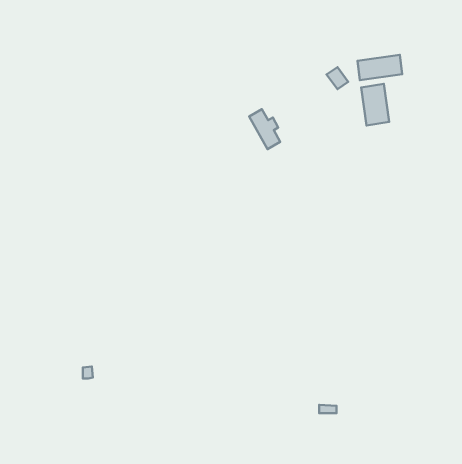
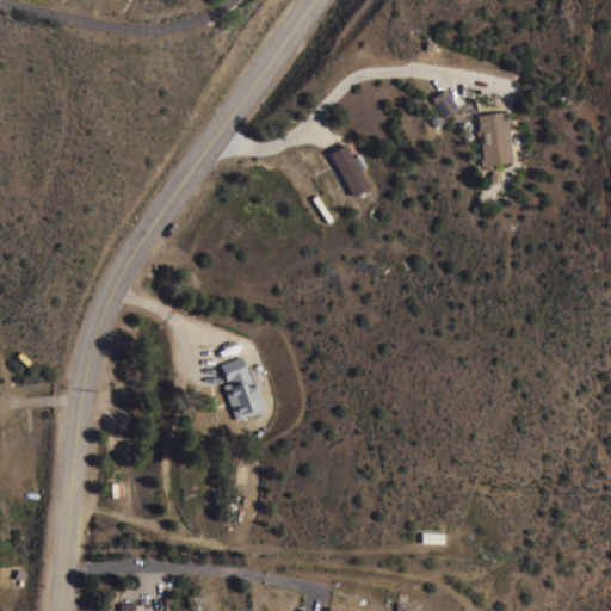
building: [357,55,402,80] -> none
building: none -> [221,357,267,420]

